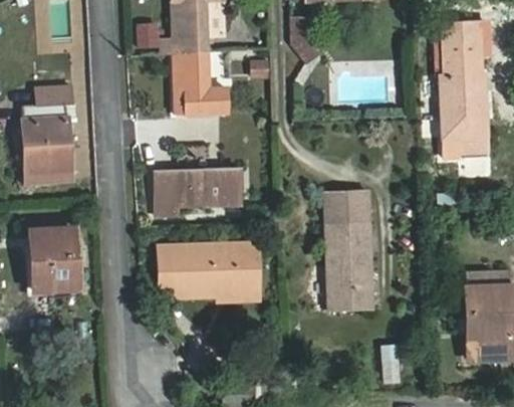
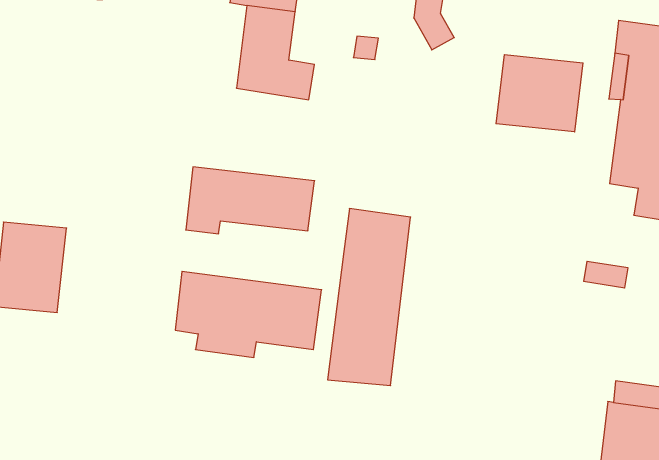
building: none -> [496,55,583,132]
building: [23,85,72,180] -> none
building: [325,191,373,313] -> [328,209,411,386]

